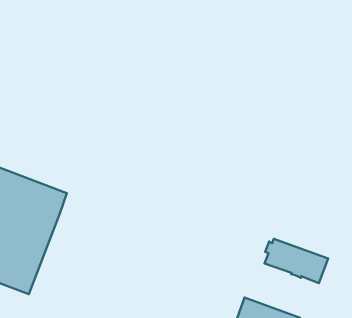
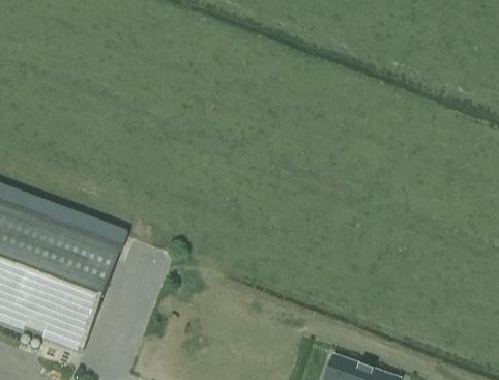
building: [265,239,328,283] -> none

